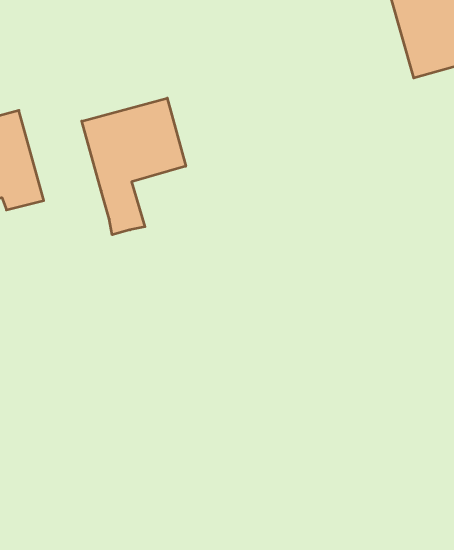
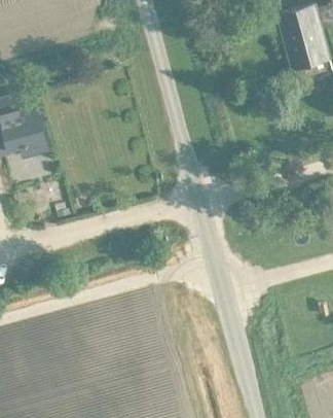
building: [82,98,186,235] -> none

